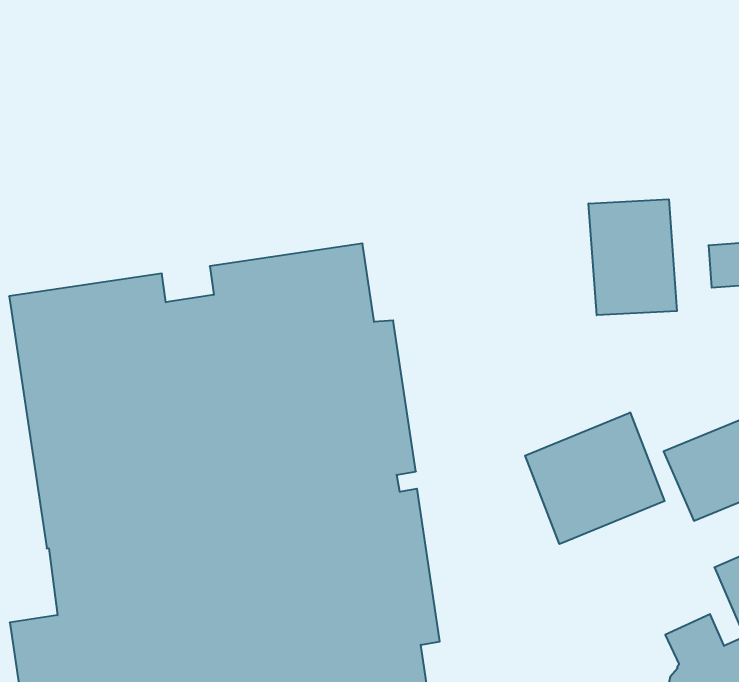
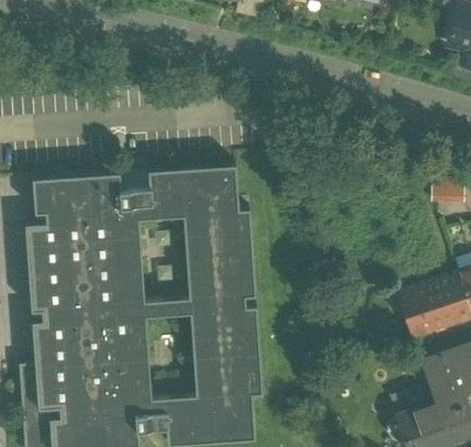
building: [589,199,677,315] -> none
building: [525,412,665,544] -> none

